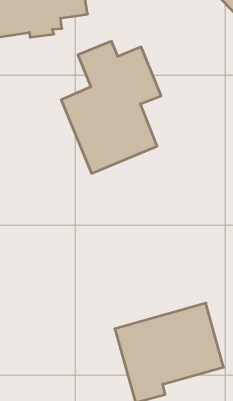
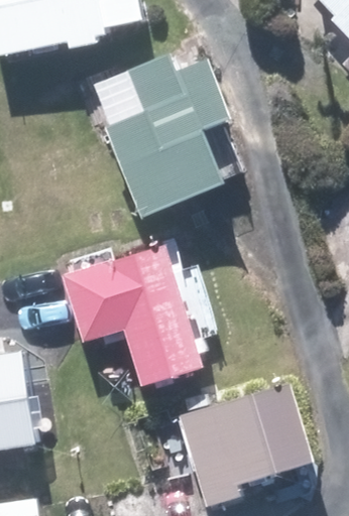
building: none -> [62,245,202,386]

